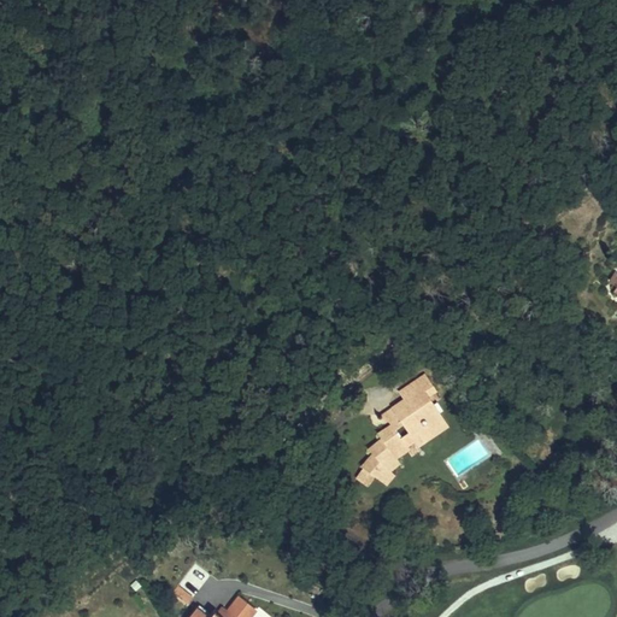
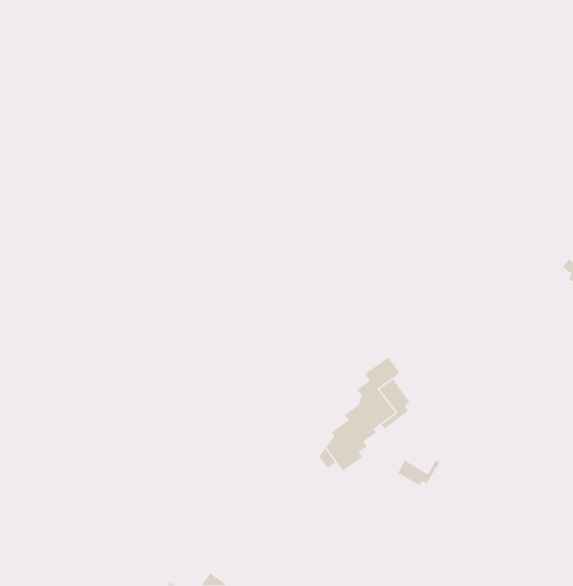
building: none -> [397,459,440,486]

